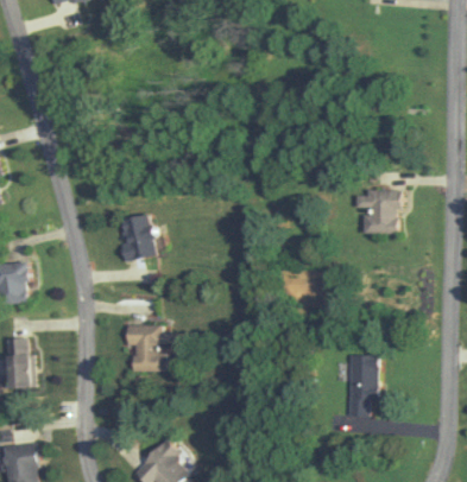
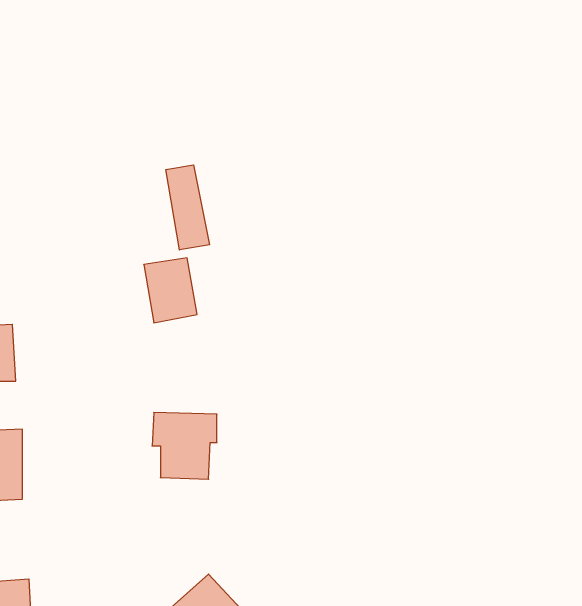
building: none -> [166,165,209,250]
building: [354,191,399,234] -> none
building: [349,355,376,418] -> none

